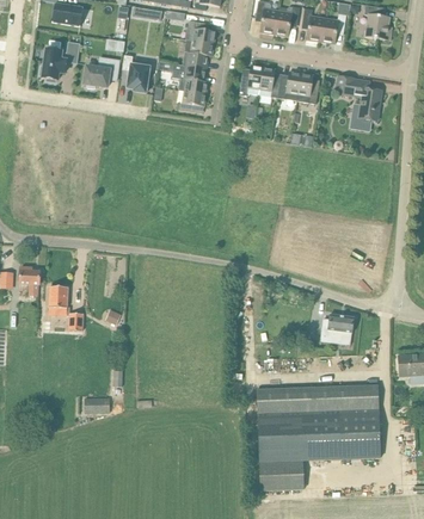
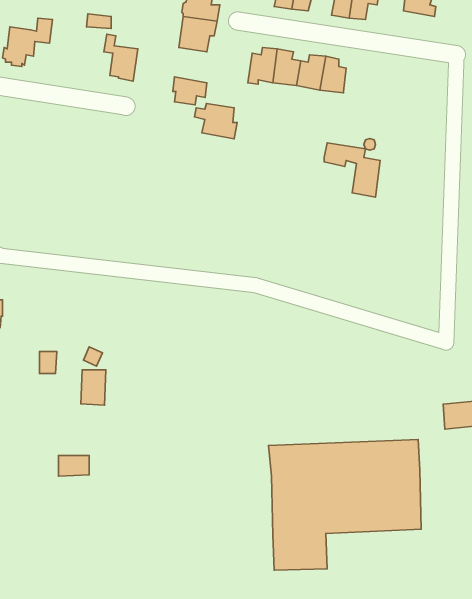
building: [84,57,119,88] -> none
building: [173,66,208,94] -> [195,103,237,139]
building: [336,76,381,121] -> [324,143,380,197]
building: [48,286,68,315] -> [81,370,106,405]
building: [320,314,354,339] -> none

